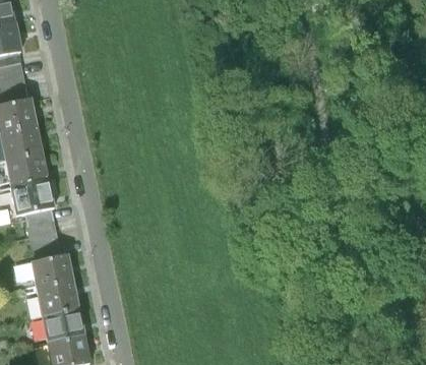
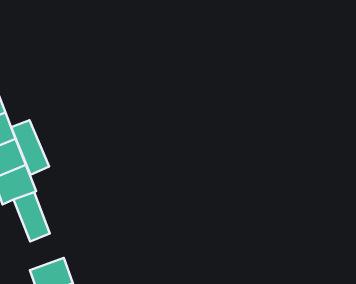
building: none -> [11,120,49,175]
building: [28,254,71,289] -> none

